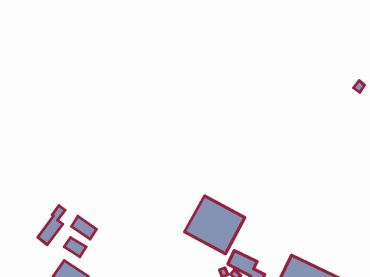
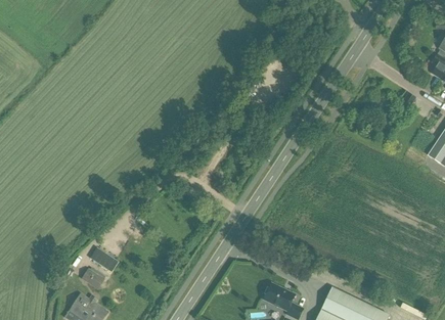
building: [184,196,245,254] -> none
building: [38,205,65,245] -> none

